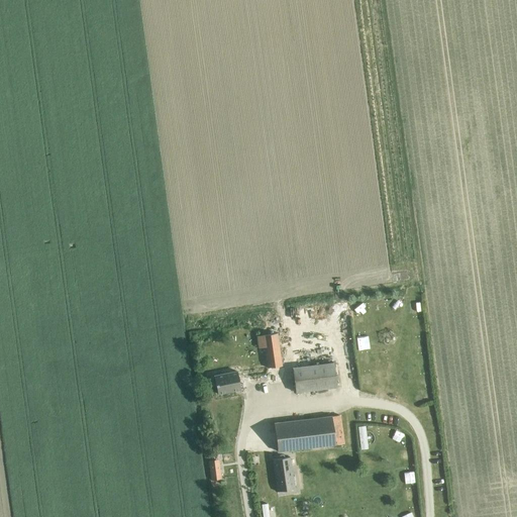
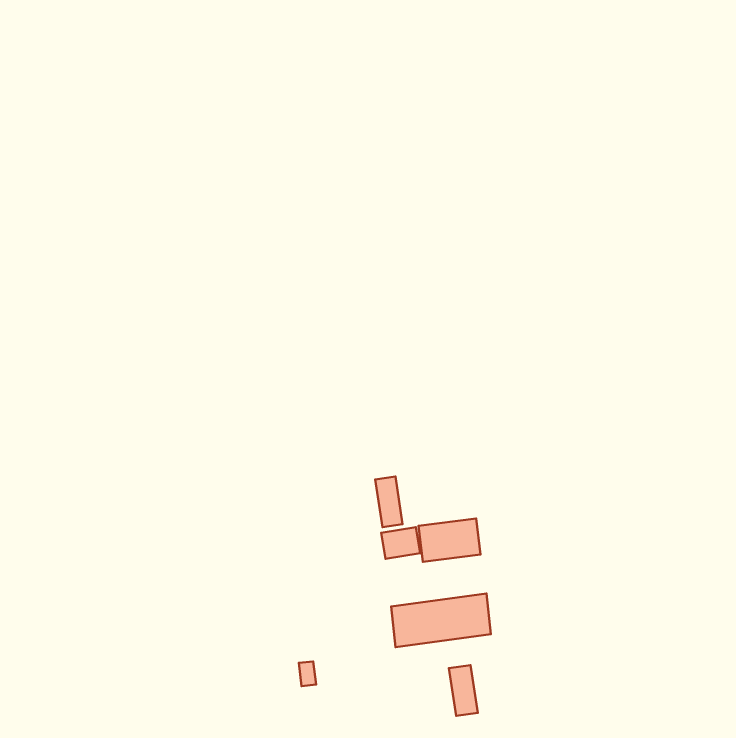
building: [215,372,242,394] -> [381,527,420,559]
building: [275,456,295,492] -> [449,665,478,716]

